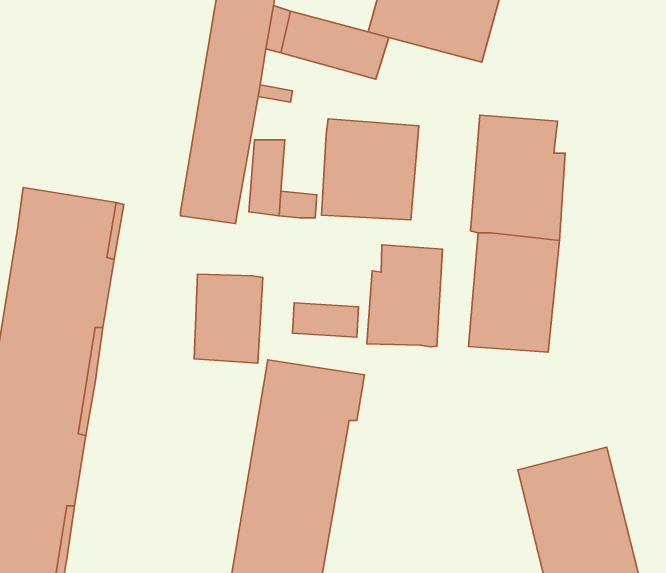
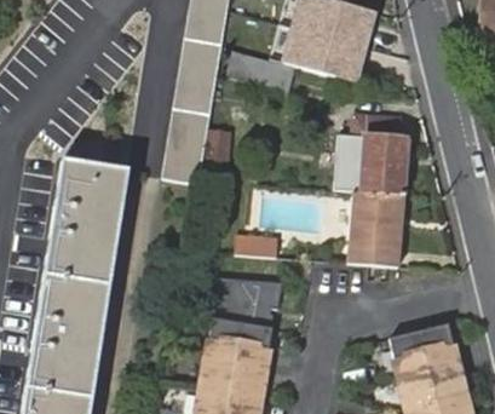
building: [321,119,419,220] -> none
building: [367,245,442,347] -> none
building: [194,274,263,363] -> none

